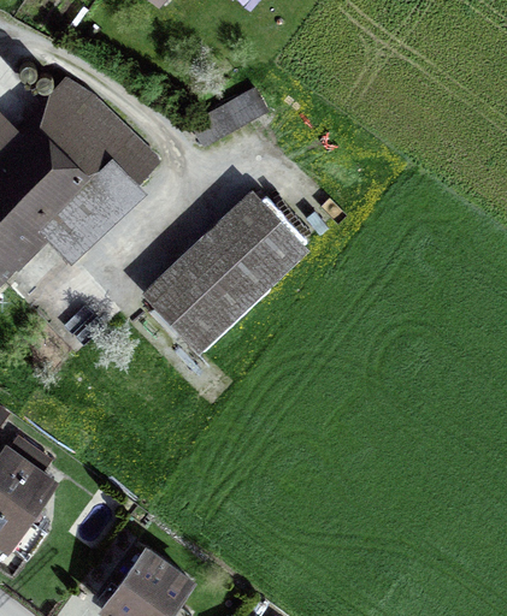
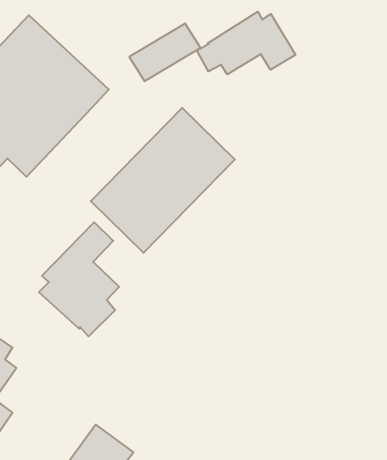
building: none -> [197,12,295,74]
building: none -> [39,222,119,336]

